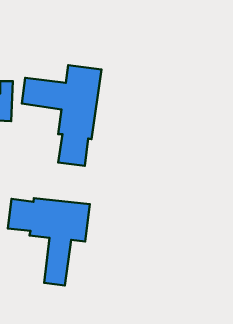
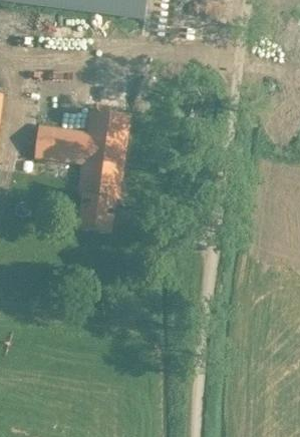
building: [8,198,90,285] -> none

